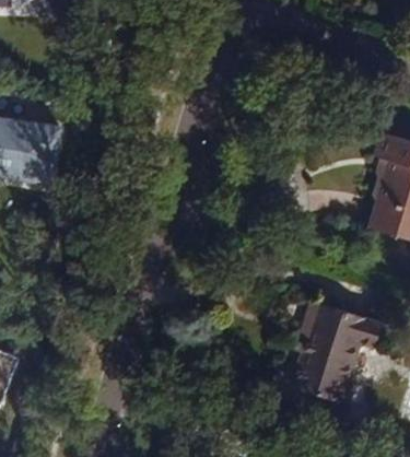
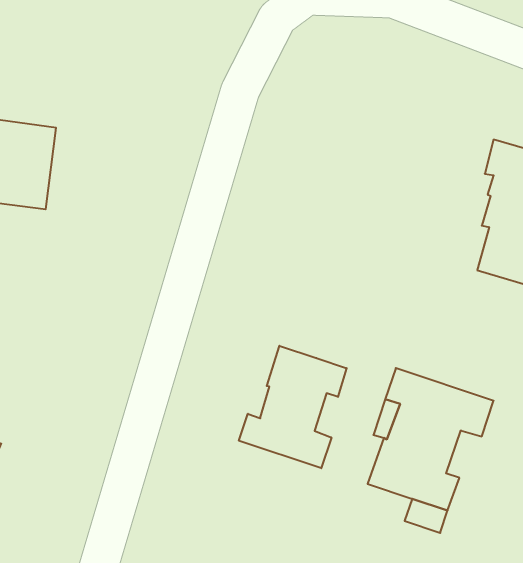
building: none -> [239,346,347,468]

